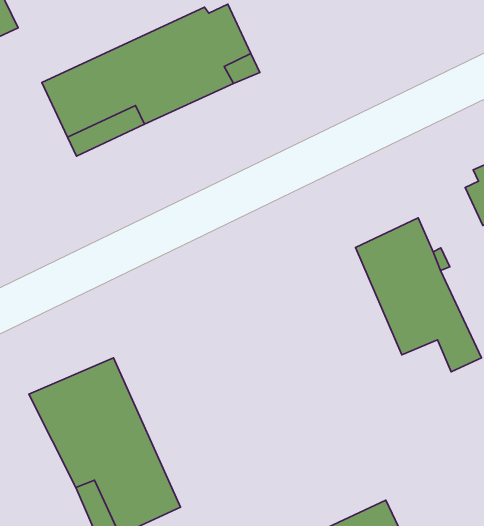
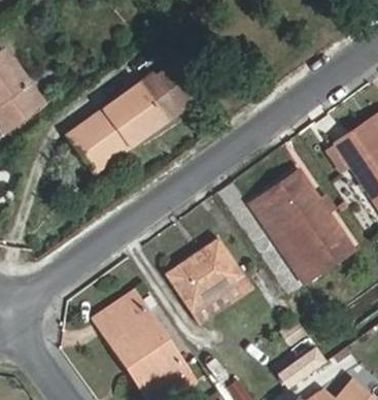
building: none -> [252,198,338,284]
building: none -> [166,236,246,310]

